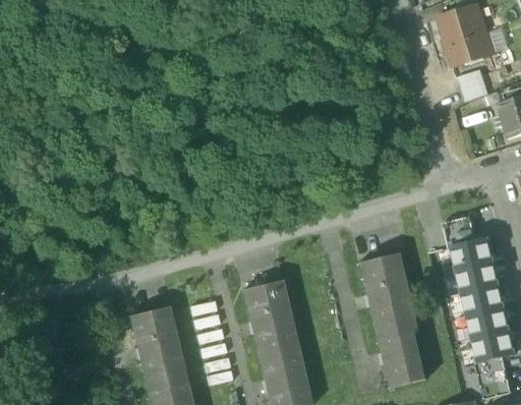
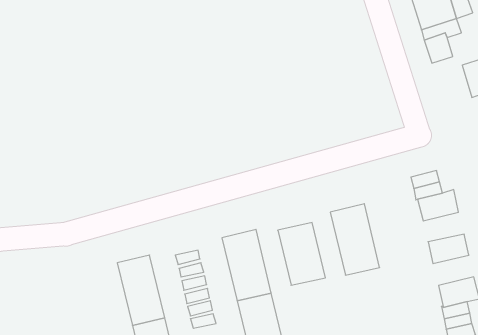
building: [459,261,503,292] -> none
building: [469,306,513,339] -> none
building: [375,320,426,387] -> [278,223,325,285]

